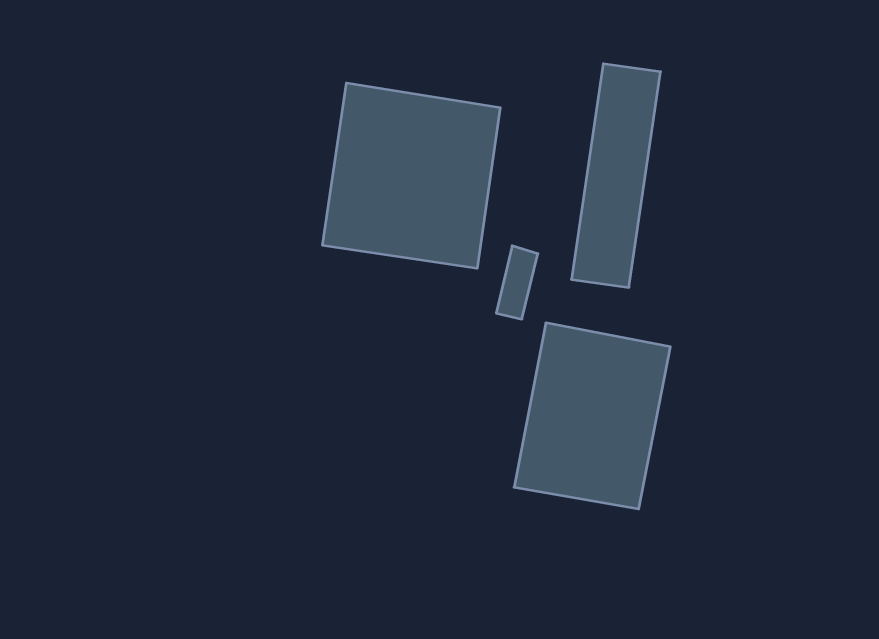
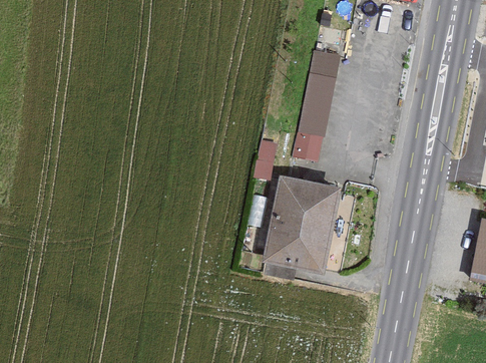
building: [323,83,500,268] -> none

